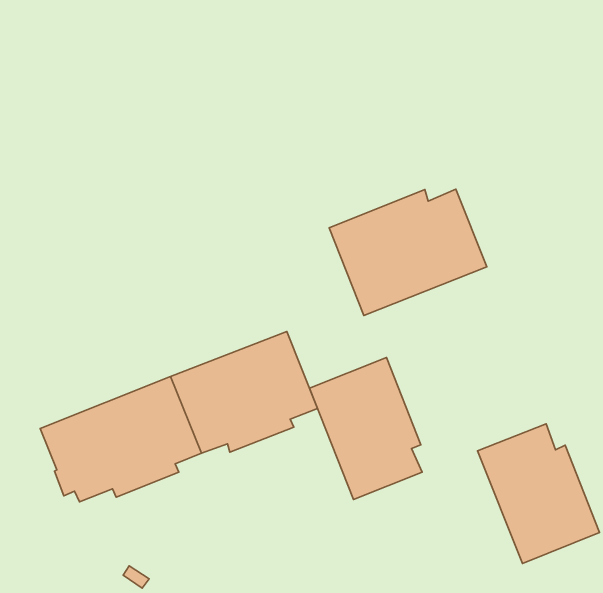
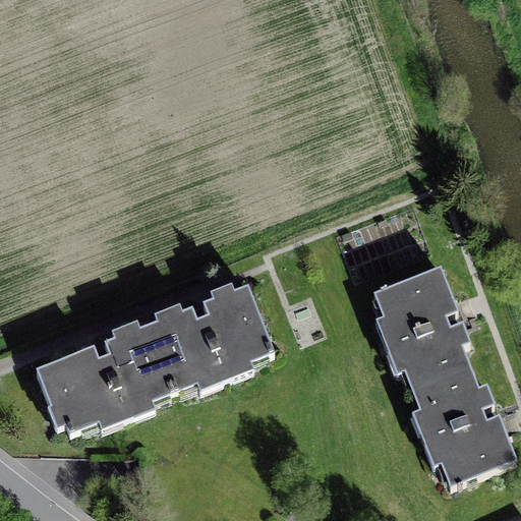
building: [329,189,487,315] -> none
building: [310,357,422,499] -> [372,266,469,388]

